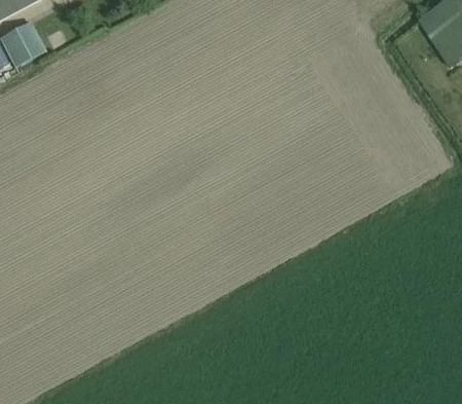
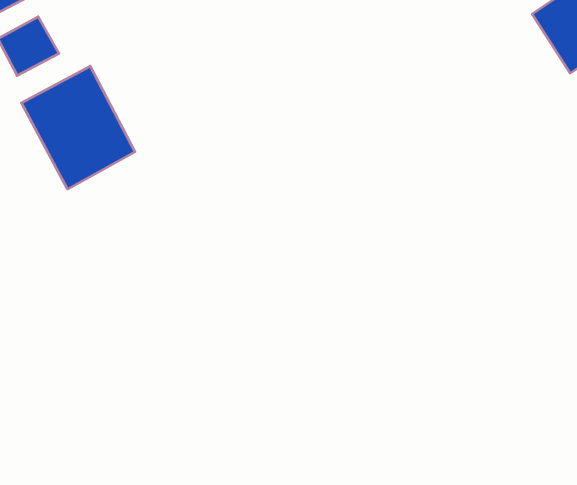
building: none -> [21,66,135,189]

